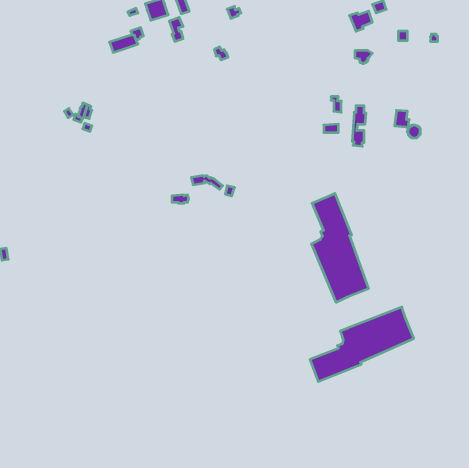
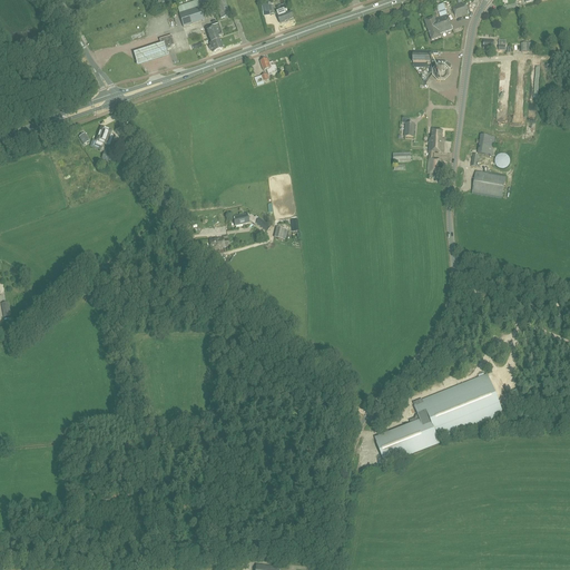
building: none -> [471,169,504,197]
building: [312,193,368,302] -> none

